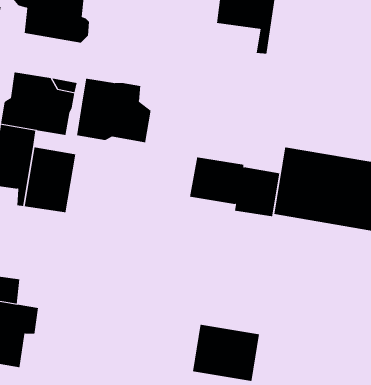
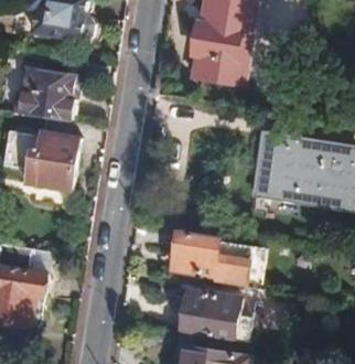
building: none -> [193,22,249,84]
building: [76,78,151,143] -> none
building: [189,157,280,217] -> [171,234,251,287]

